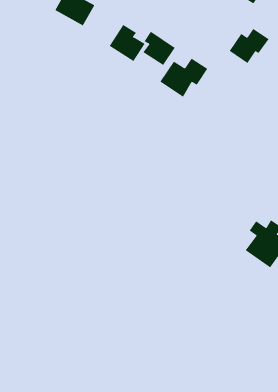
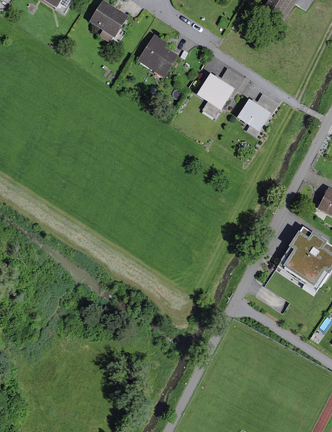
building: [229,28,270,64] -> [235,95,276,131]
building: [142,31,175,66] -> none

